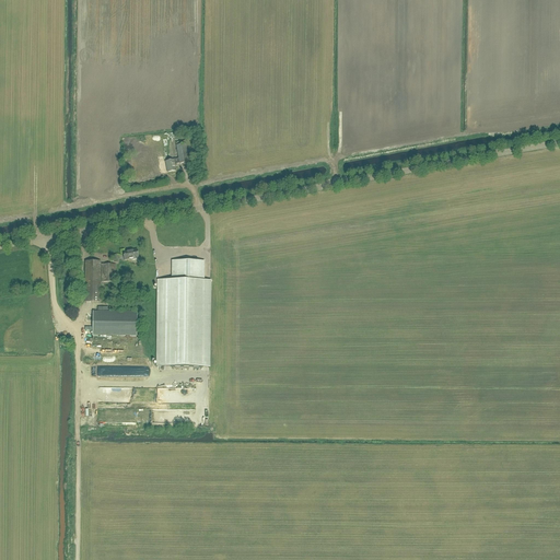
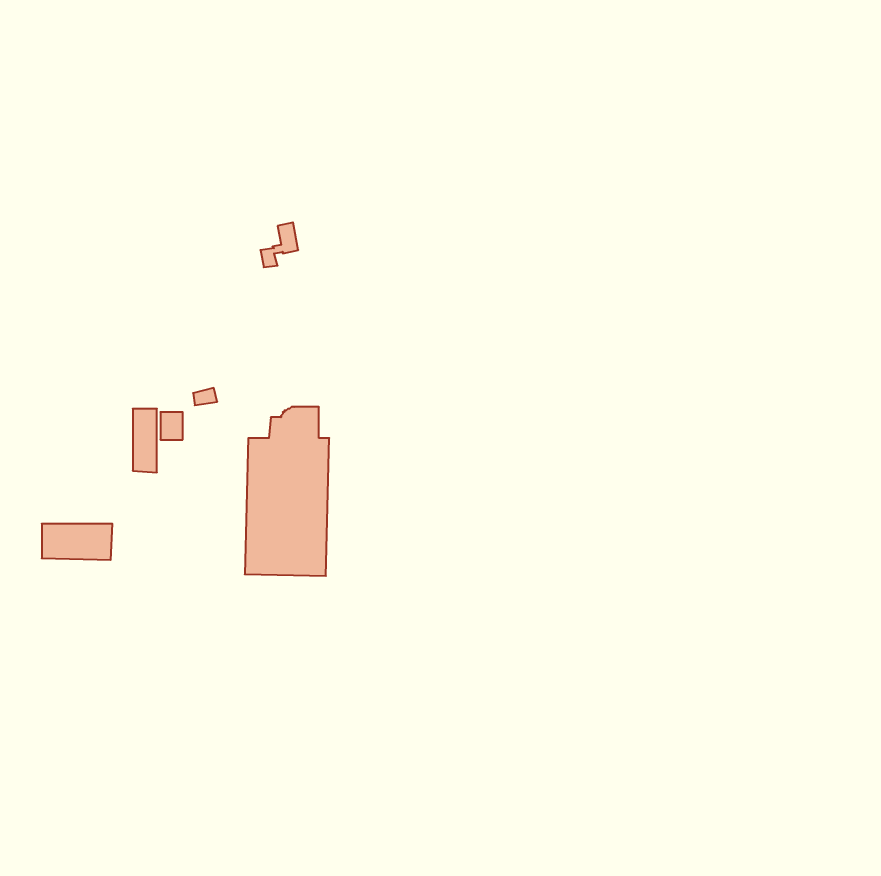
building: [92,310,137,332] -> [42,524,112,560]

